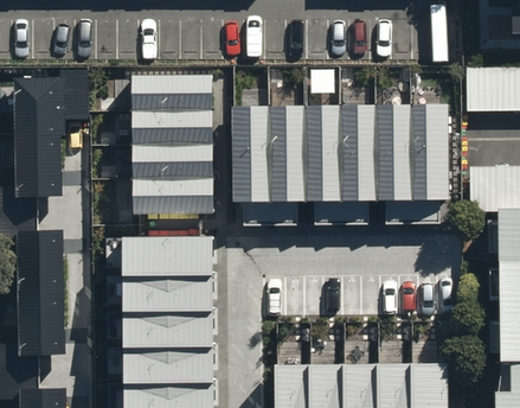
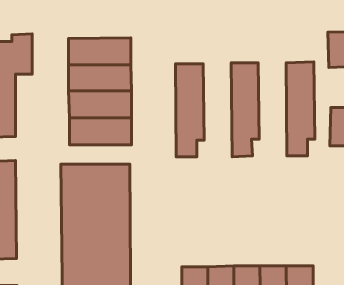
building: [306,106,342,225] -> none
building: [375,106,412,224] -> none
building: [235,107,271,227] -> none

